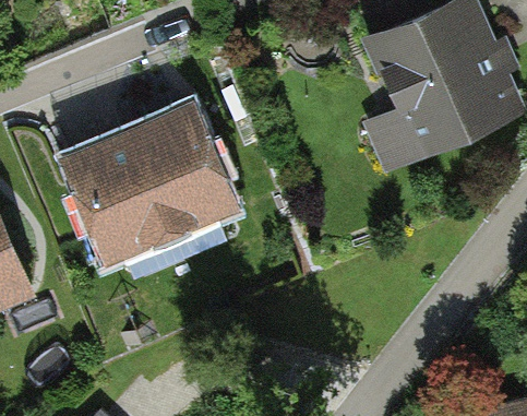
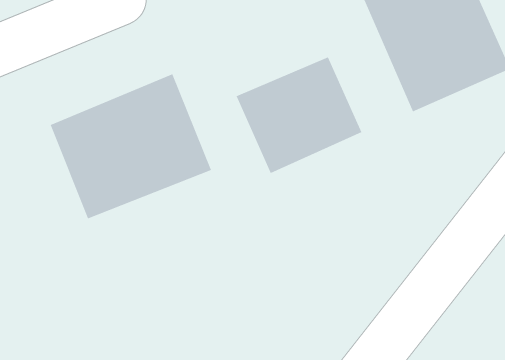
building: none -> [236,57,362,174]

